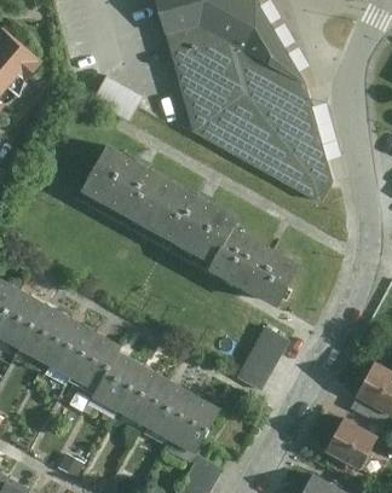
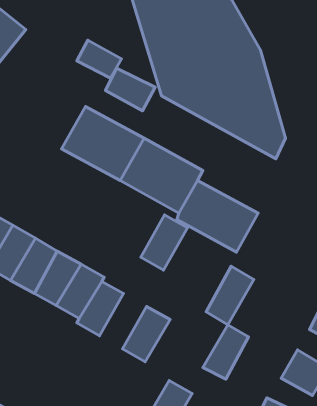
building: none -> [105,68,155,111]
building: [123,355,175,417] -> [141,215,187,270]
building: [174,384,225,445] -> [203,325,249,379]

